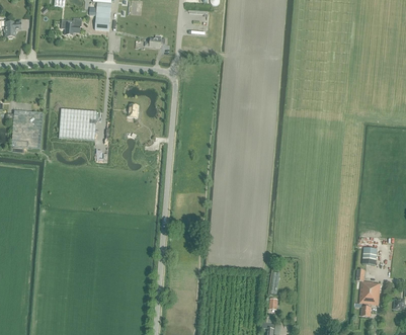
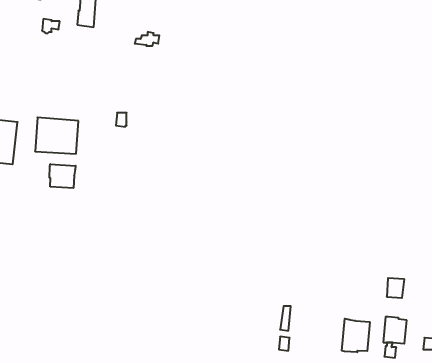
building: none -> [49,164,76,188]
building: none -> [342,319,370,352]

